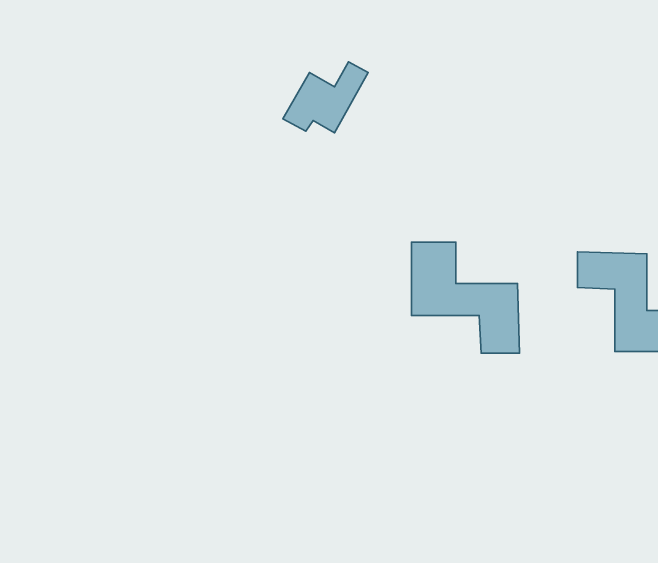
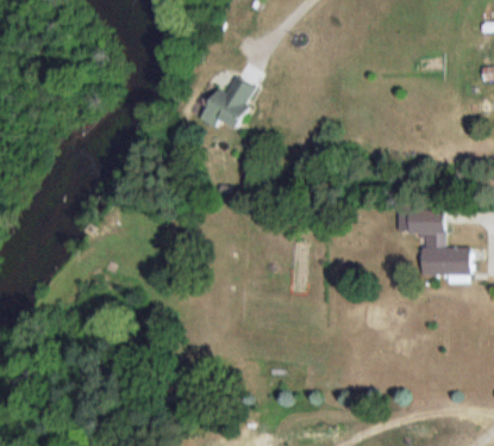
building: [412,242,520,353] -> none

